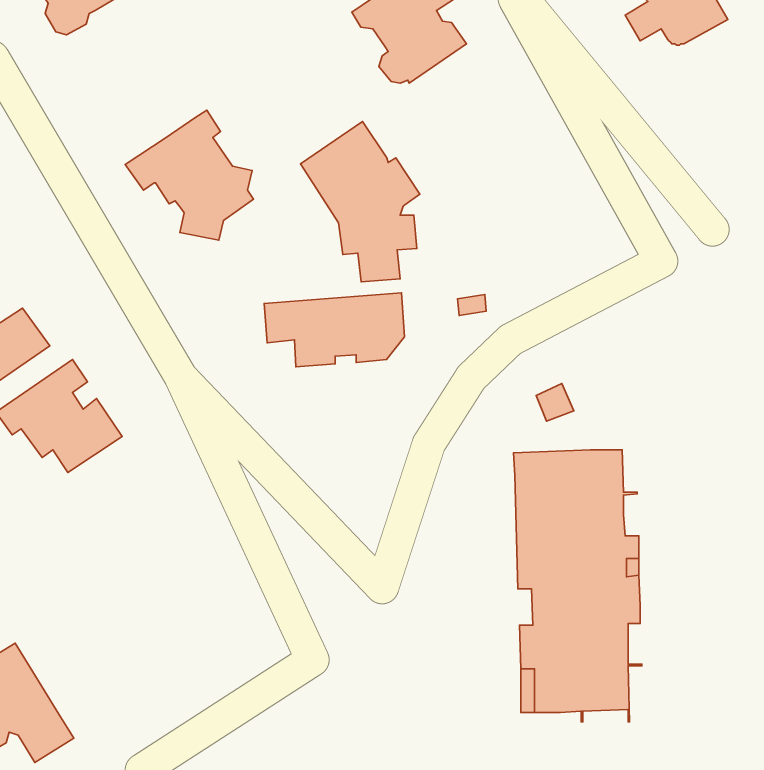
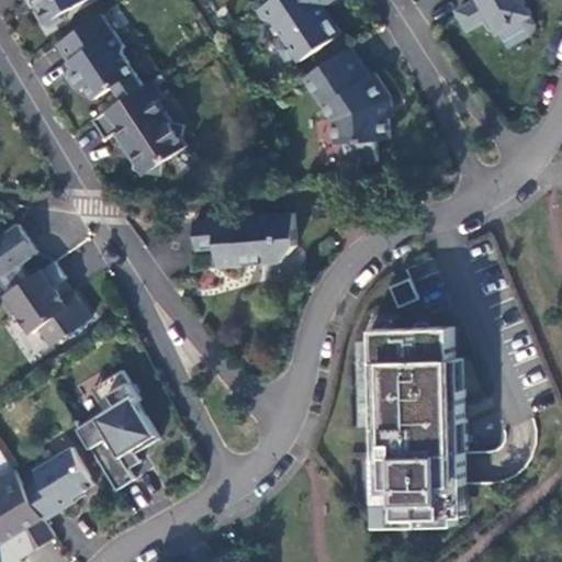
building: none -> [56,13,142,100]
building: [301,122,420,282] -> [303,46,390,162]
building: none -> [78,371,158,492]
building: none -> [22,447,93,519]

